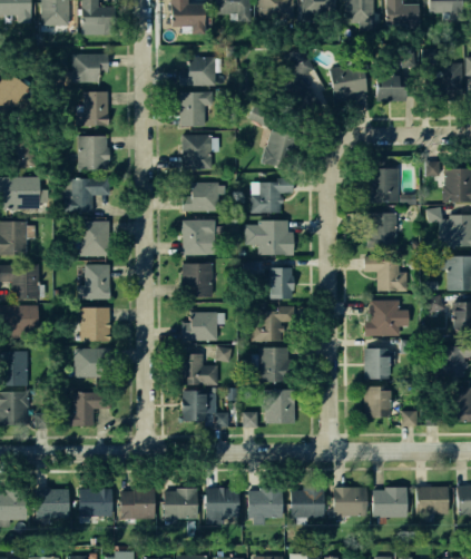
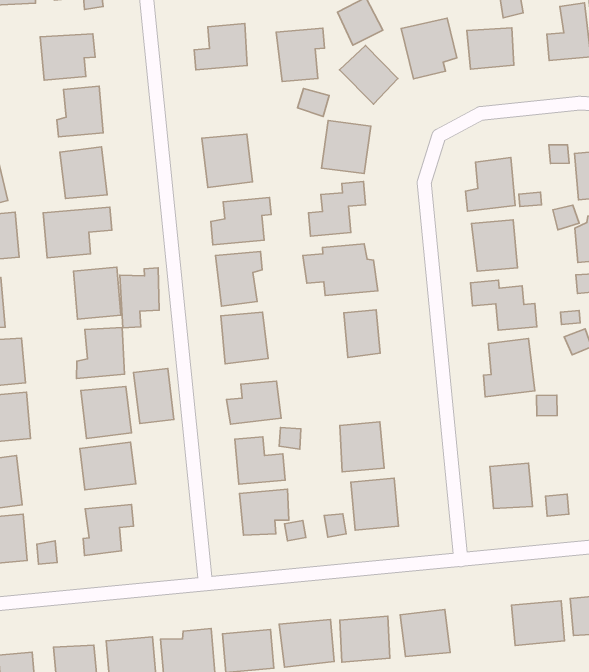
building: [179,91,213,127] -> [276,28,324,82]
building: none -> [120,268,159,328]
building: none -> [134,368,174,424]
building: [253,306,295,340] -> none
building: [365,349,391,379] -> none
building: [333,488,366,516] -> none

